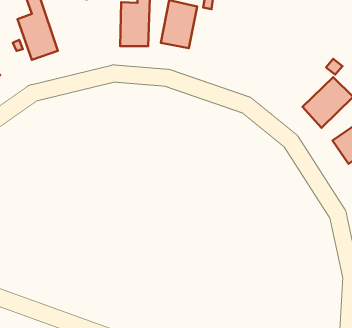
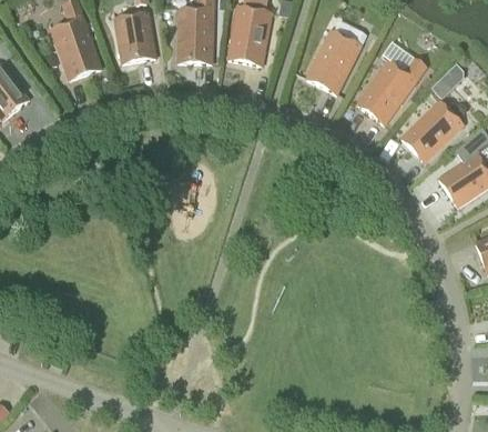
building: none -> [114,12,155,62]
building: none -> [306,30,360,93]
building: none -> [357,56,427,123]

